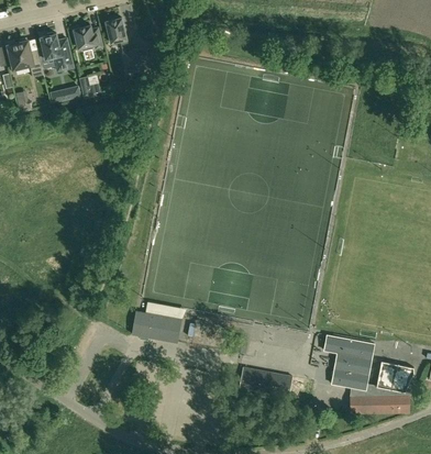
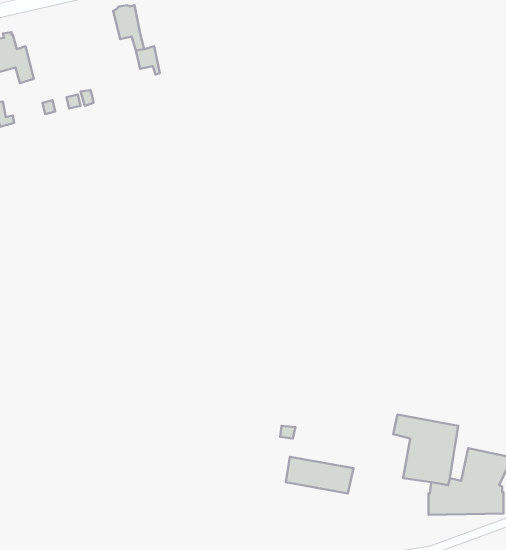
building: [69,24,101,51] -> none
building: [40,32,73,70] -> none
building: [131,311,180,342] -> none

